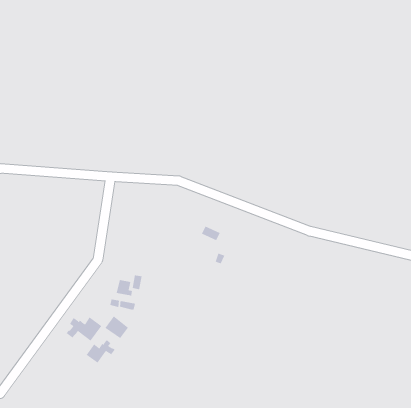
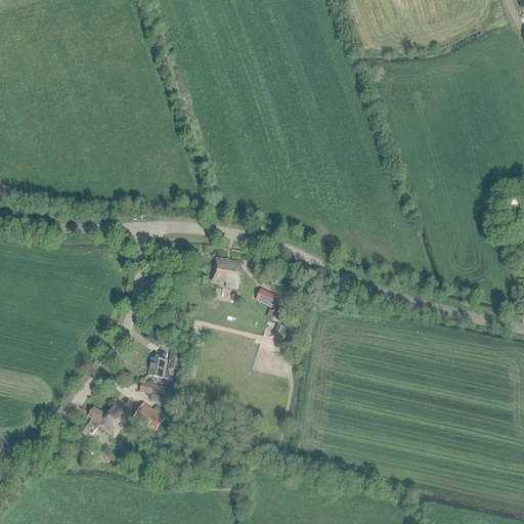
building: none -> [213,256,242,287]
building: [86,339,115,363] -> none

